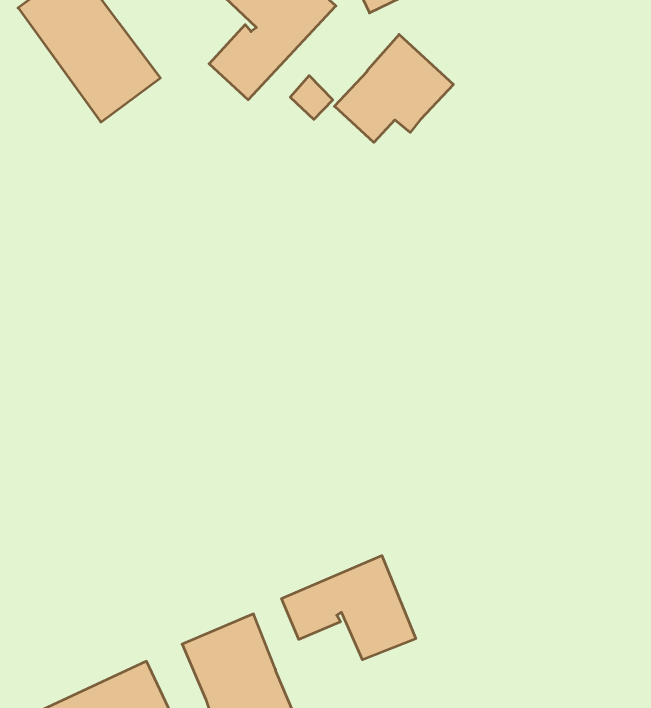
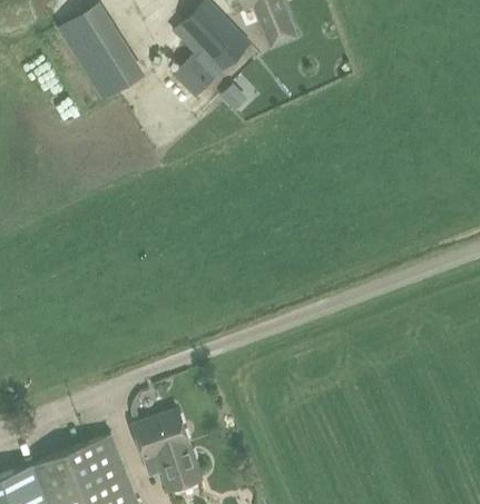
building: [334,34,453,142] -> none
building: [282,556,416,660] -> none

